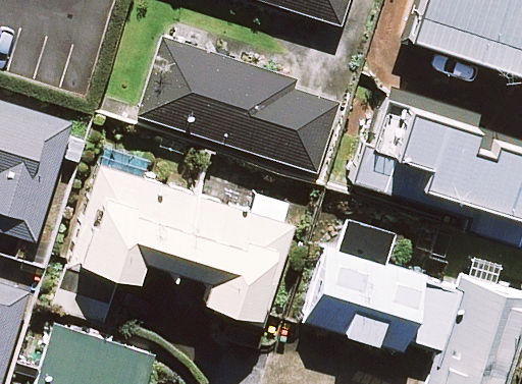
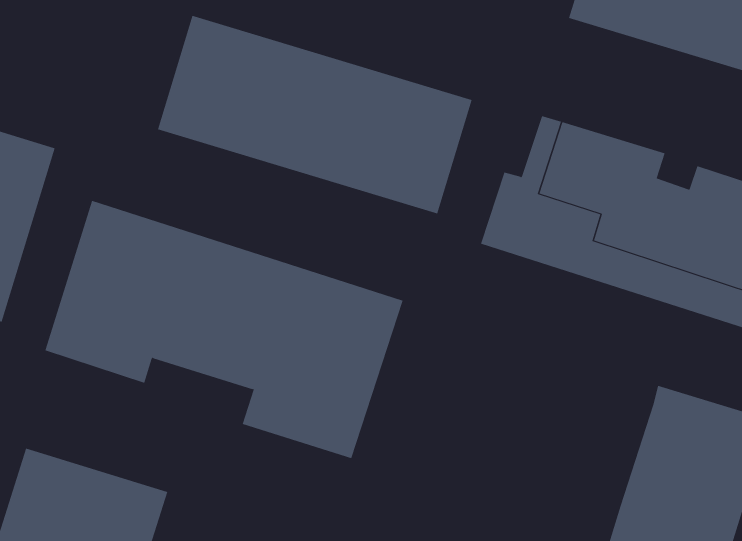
building: [303,248,461,358] -> none

